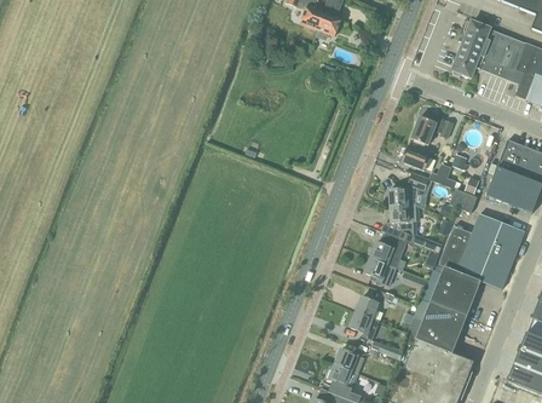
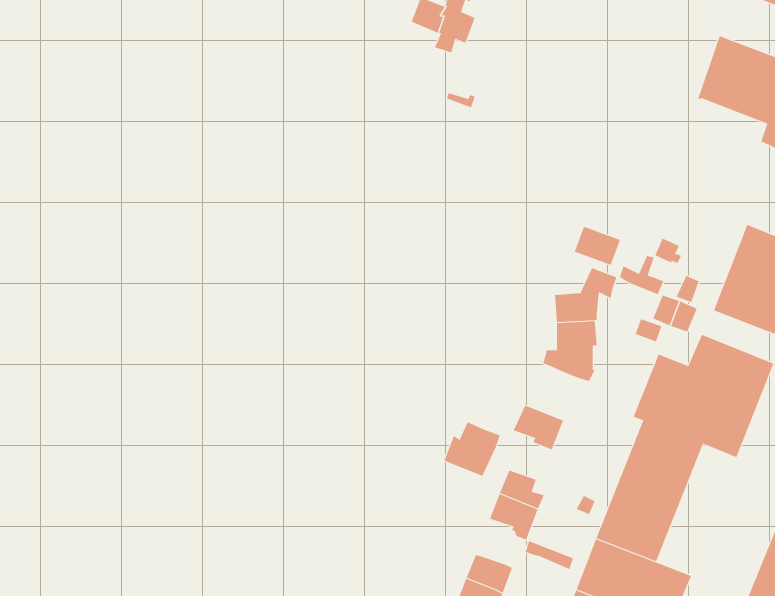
building: [452,21,492,77] -> none
building: [411,114,454,146] -> none
building: [371,232,406,266] -> [444,421,501,477]

